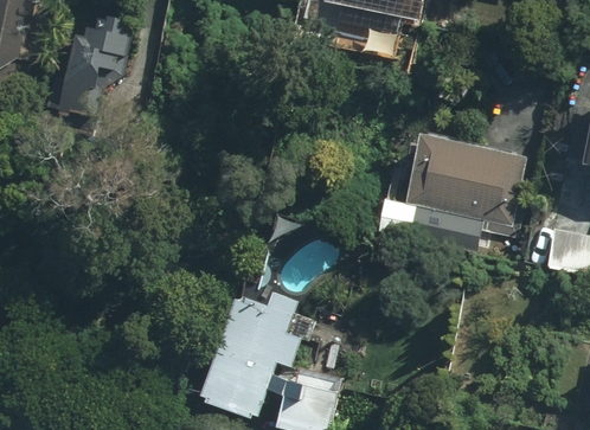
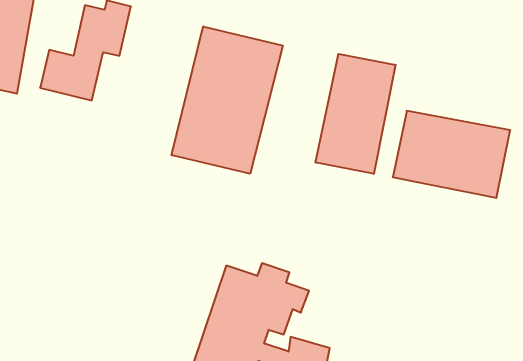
building: none -> [172,26,283,174]
building: none -> [316,54,396,174]

